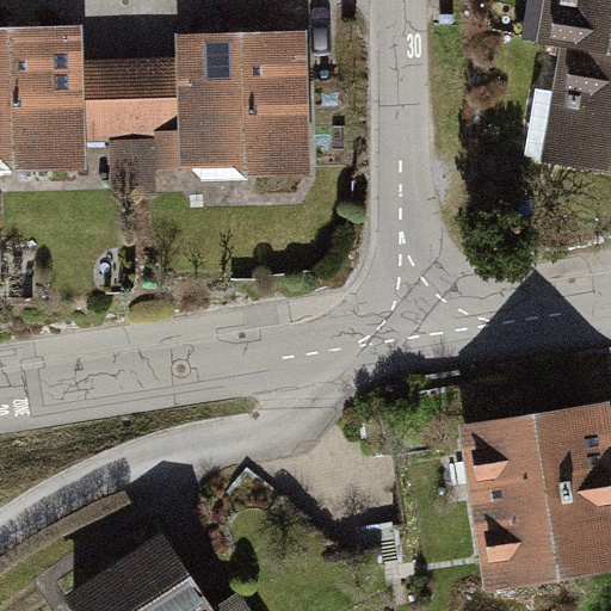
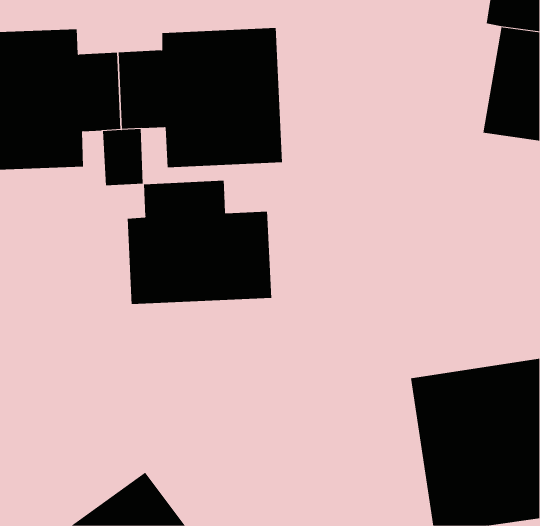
building: none -> [127,180,272,305]

